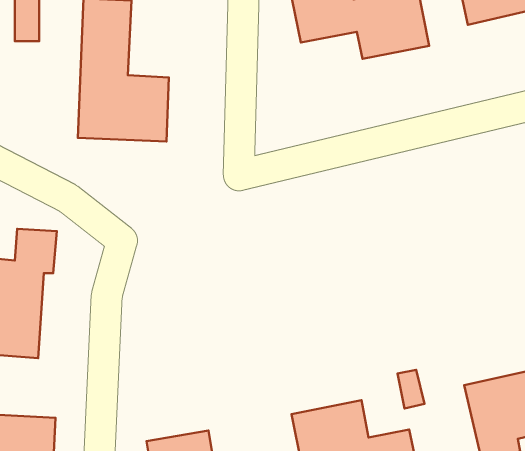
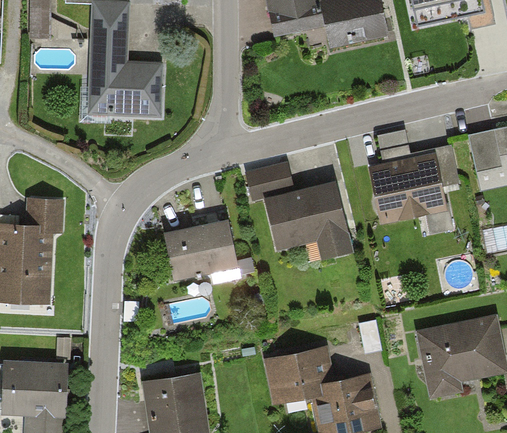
building: none -> [371,146,459,222]
building: none -> [251,165,354,260]
building: none -> [165,220,237,280]

